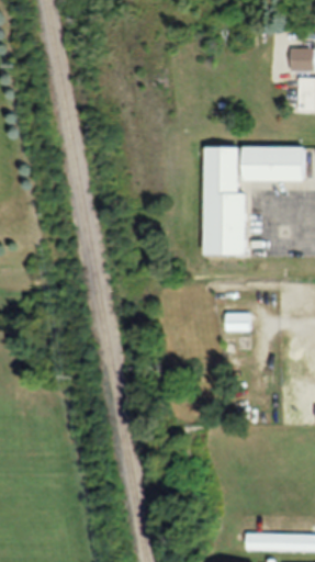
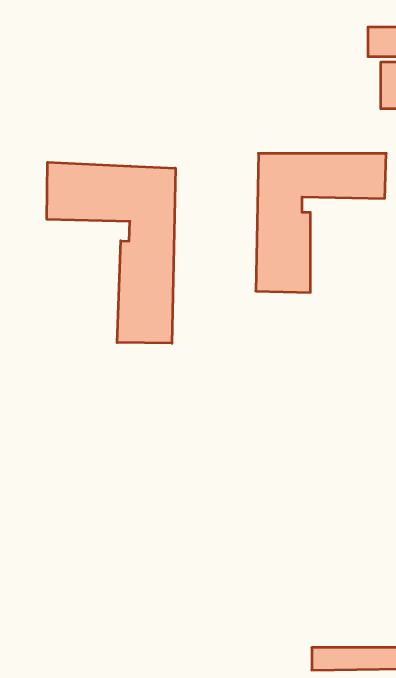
building: none -> [47,162,175,343]
building: [225,313,249,331] -> none

